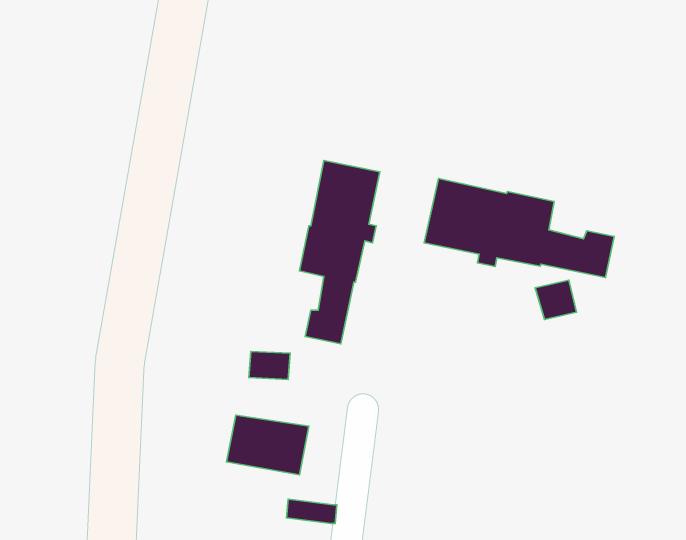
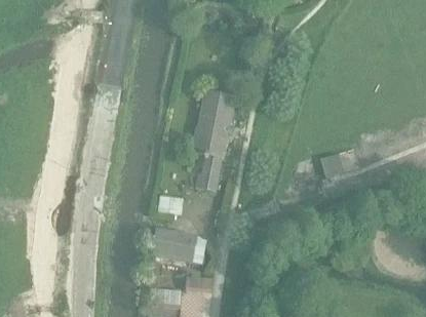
building: [424,178,614,278] -> none

